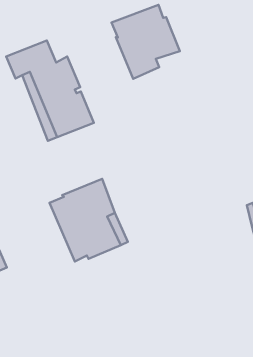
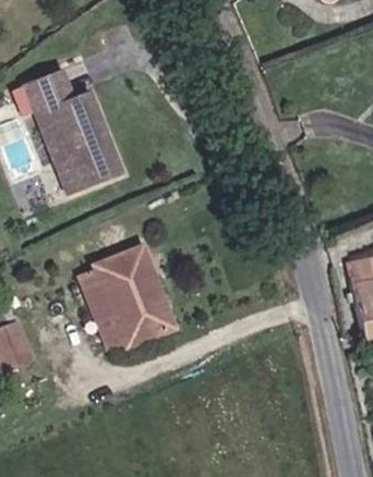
building: [112,5,180,79] -> none

